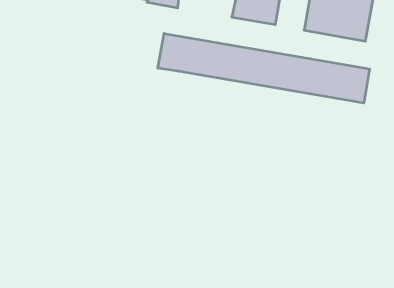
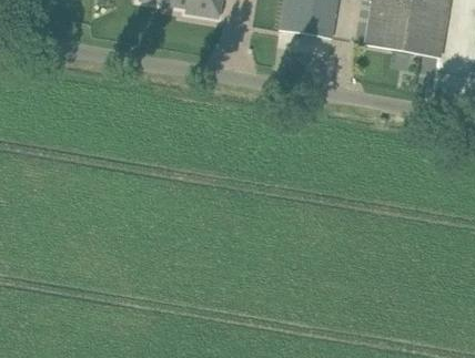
building: [158,33,370,103] -> none

